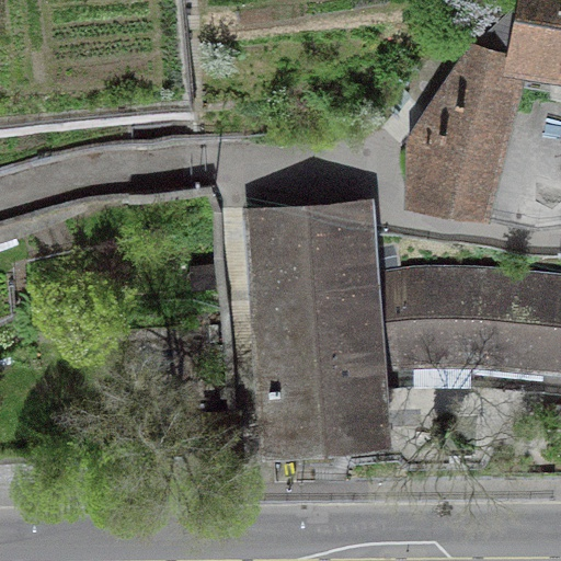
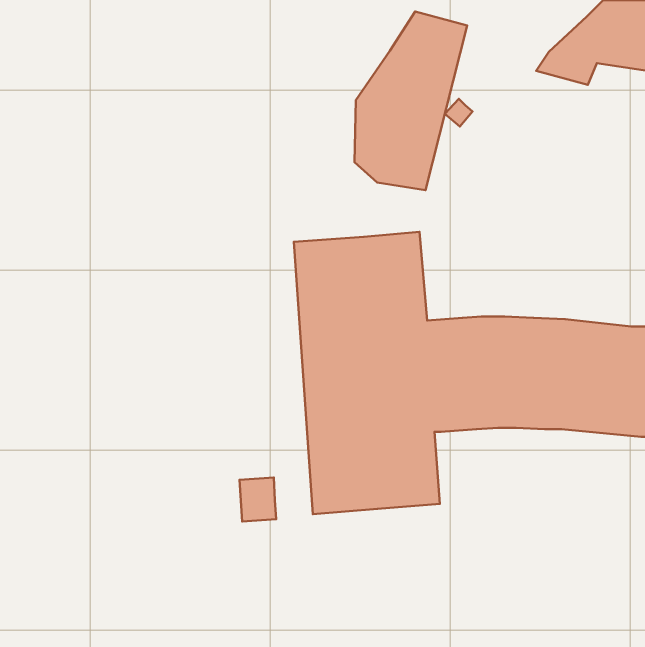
building: [413,61,511,216] -> [354,12,467,190]

